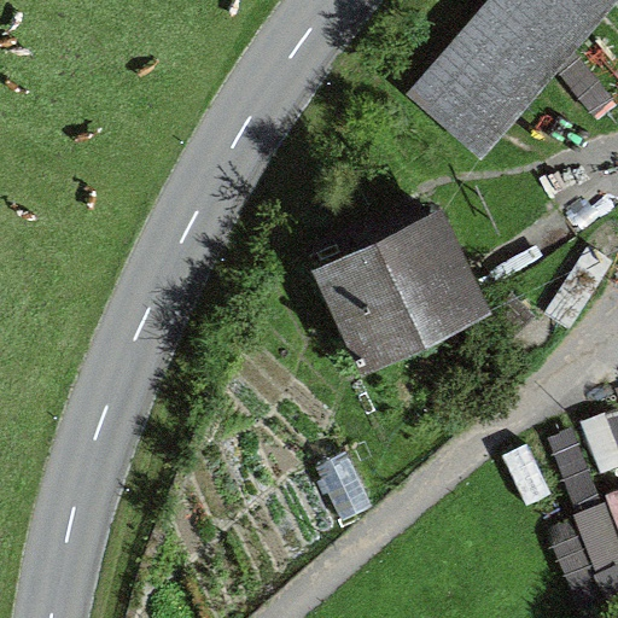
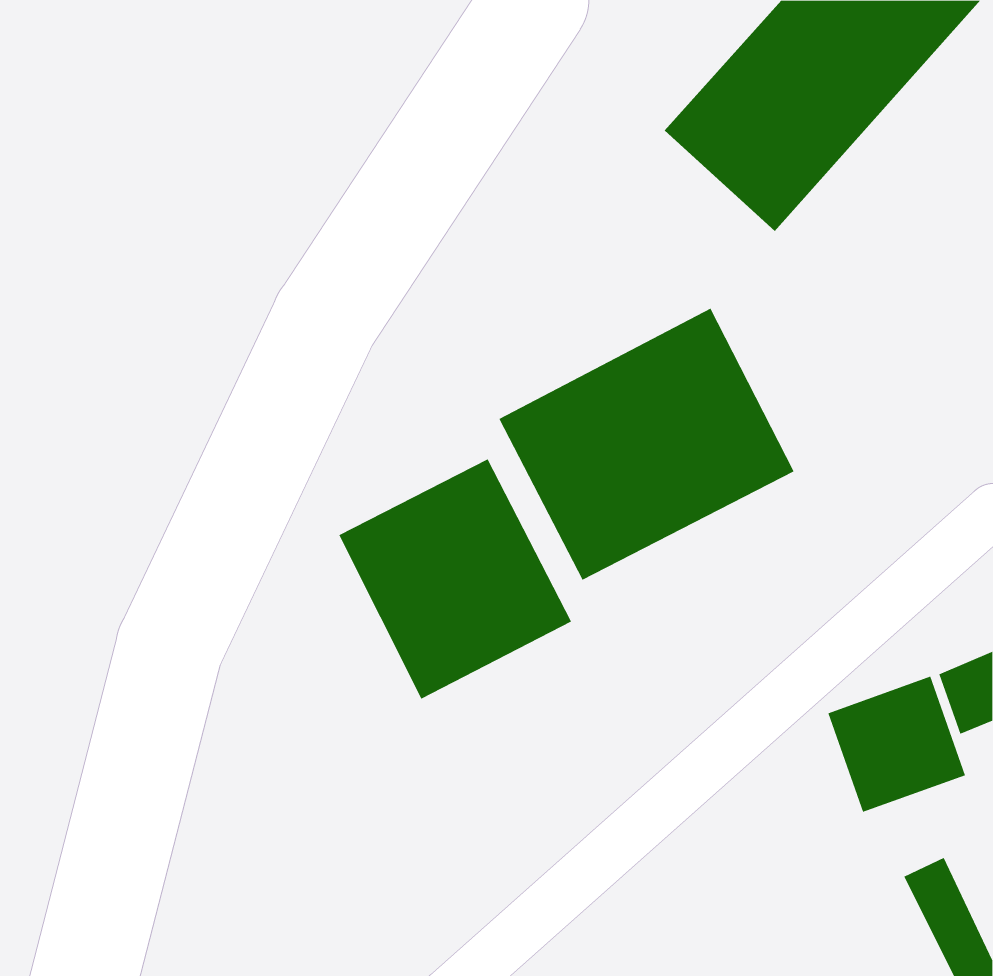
building: none -> [338,459,572,699]

